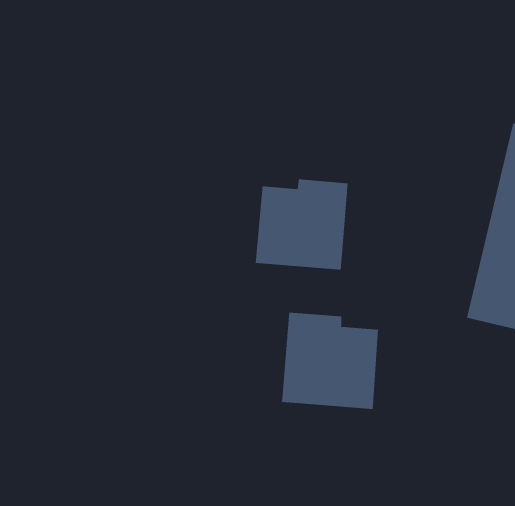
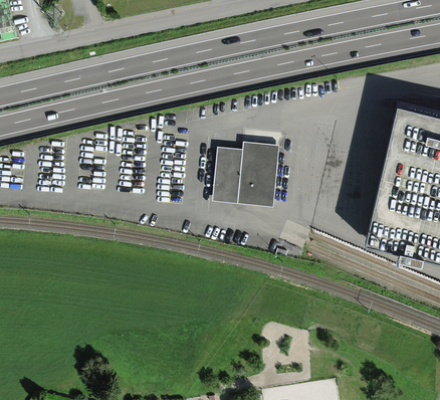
building: [281,312,379,410] -> none

